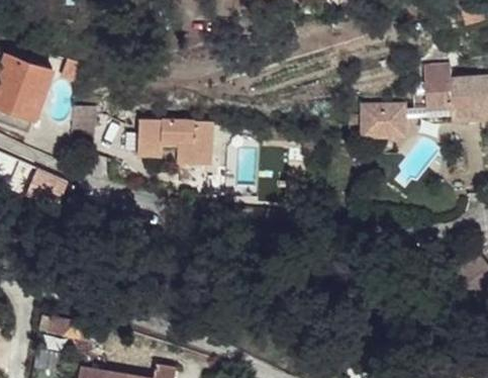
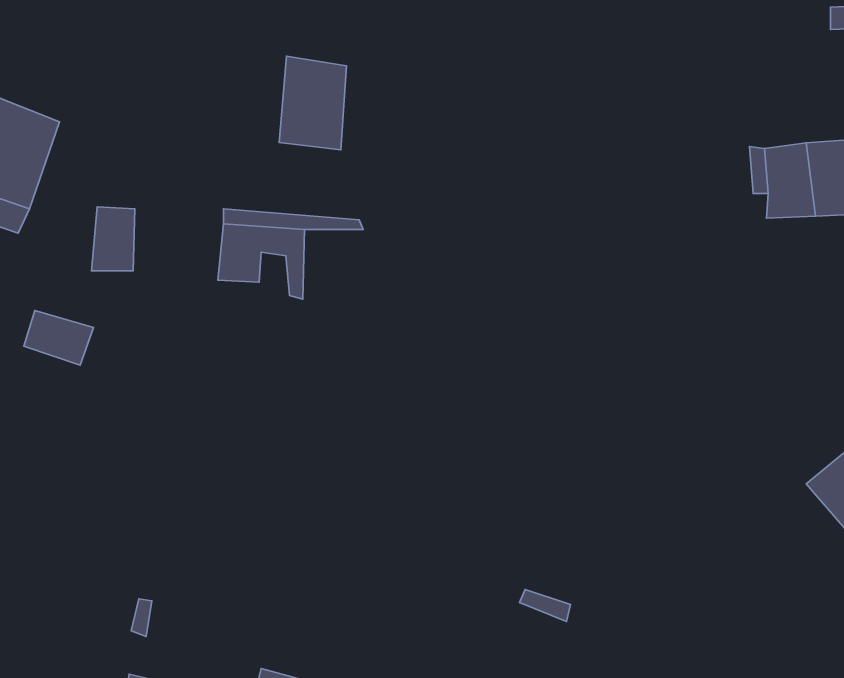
building: none -> [279,56,347,150]
building: [363,97,406,131] -> none
building: [179,128,211,167] -> none

